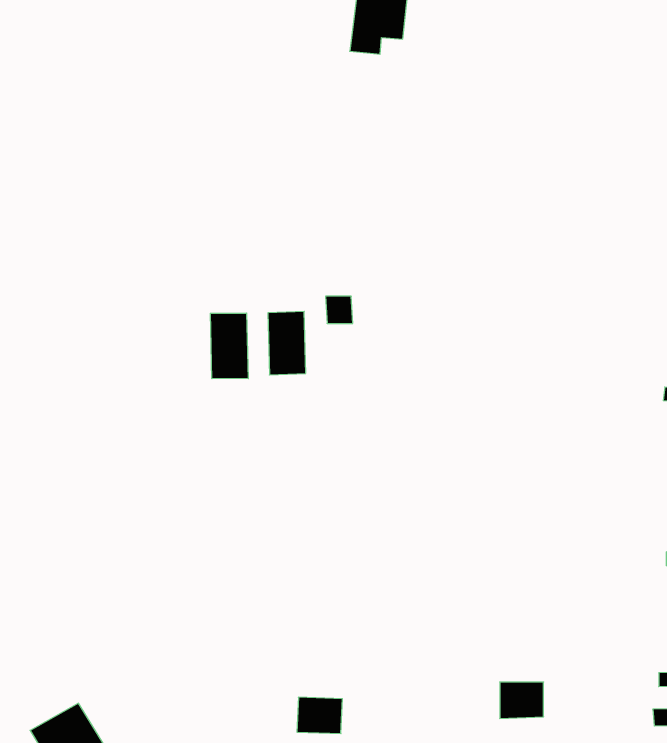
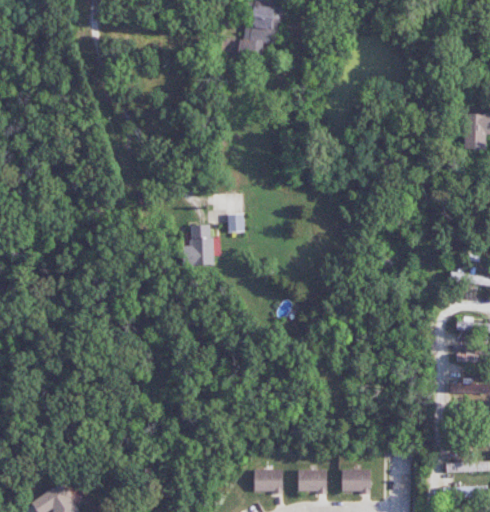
building: [210,313,248,379] -> none
building: none -> [297,469,327,493]
building: [297,697,342,734] -> [253,469,283,493]

